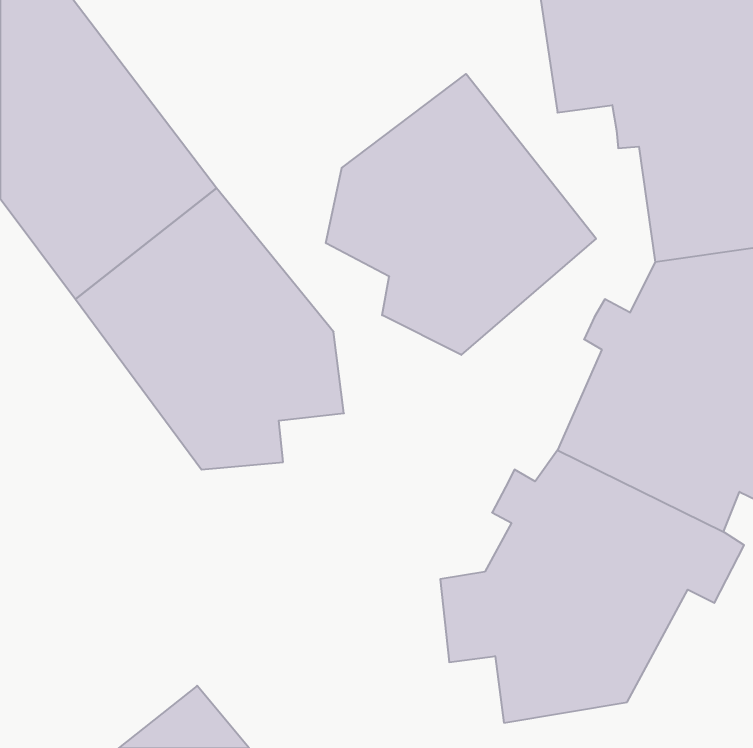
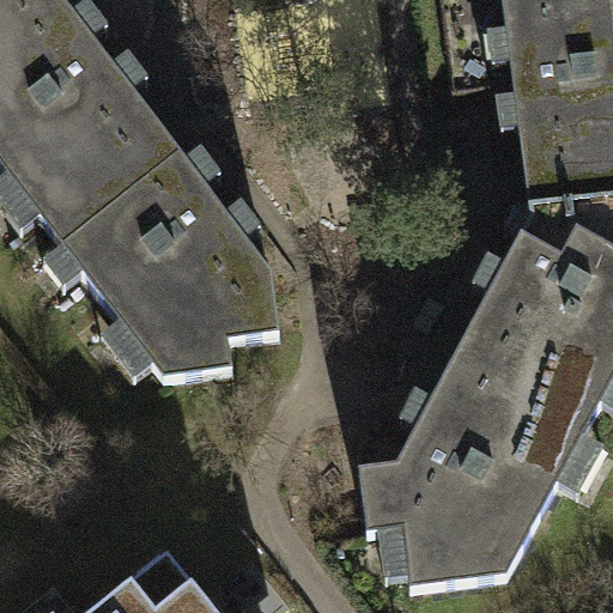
building: [326,74,596,355] -> none

